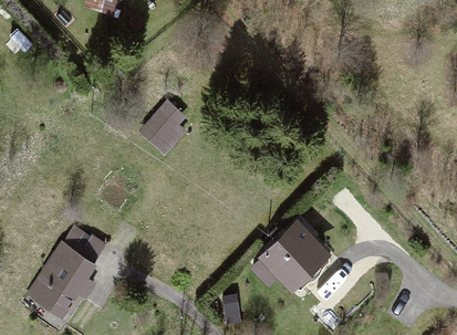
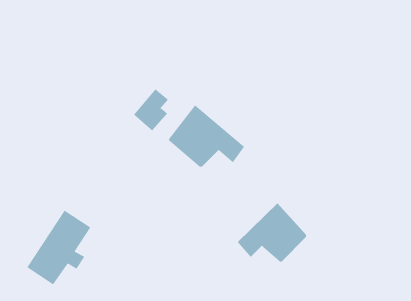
building: none -> [169,104,245,168]

